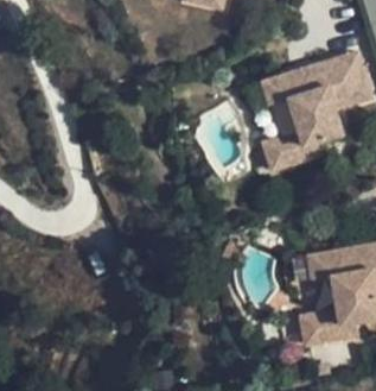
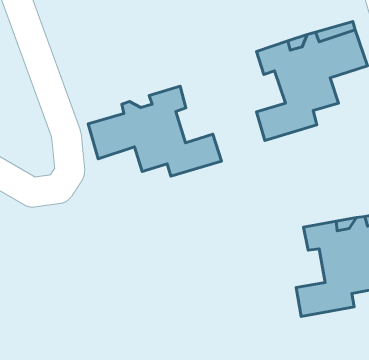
building: none -> [88,86,221,176]

